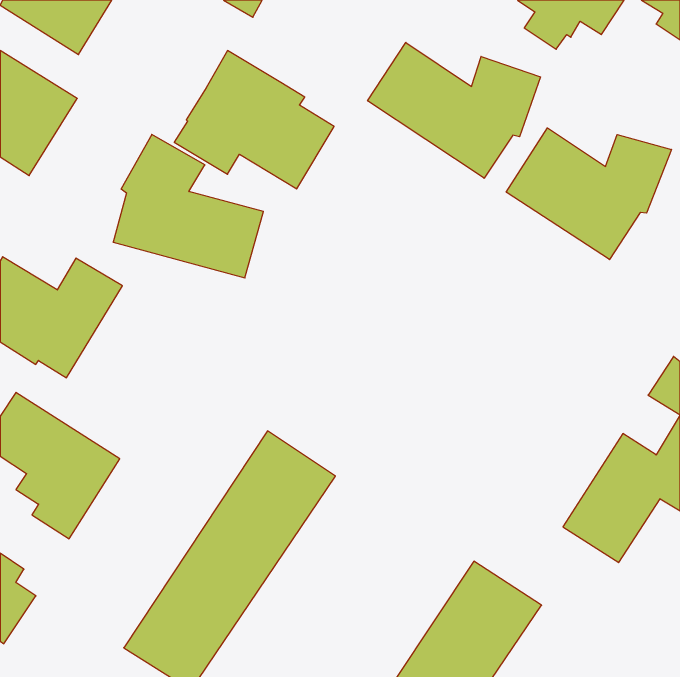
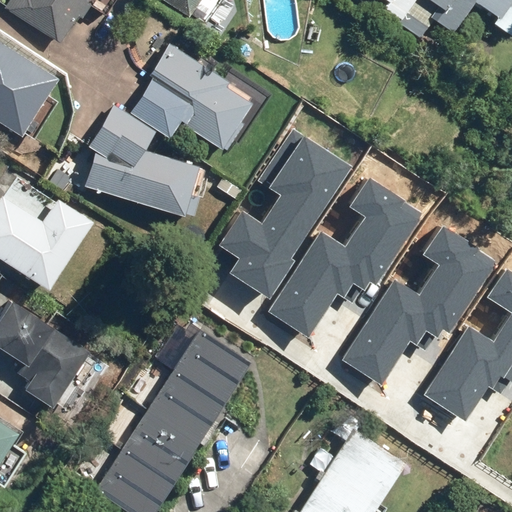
building: [368,42,540,178] -> none
building: [506,128,671,260] -> none
building: none -> [219,130,354,299]
building: none -> [268,180,422,338]
building: none -> [343,229,497,386]

